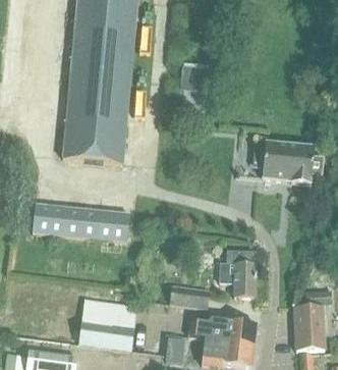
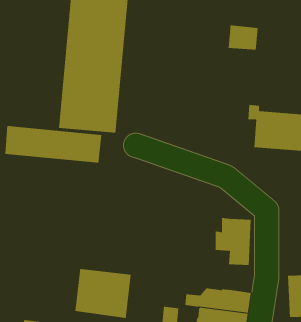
building: [181,63,212,89] -> [228,25,258,50]
building: [33,204,130,242] -> [4,126,102,163]
building: [172,284,210,307] -> none

